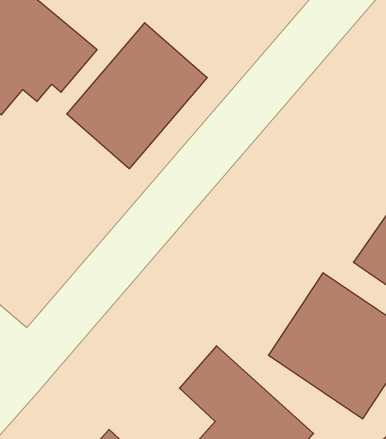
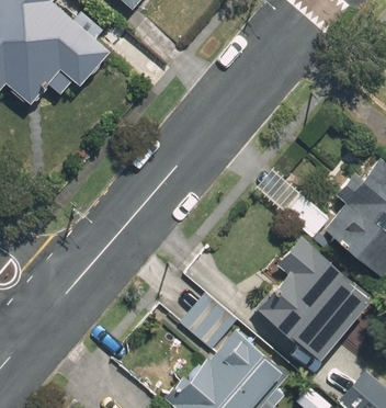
building: [67,23,207,169] -> none

